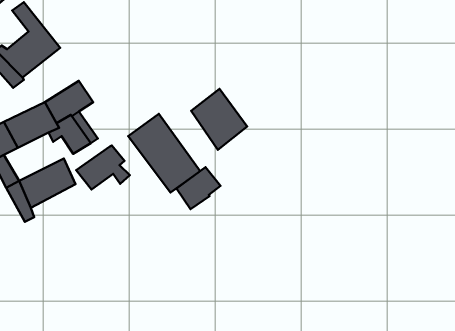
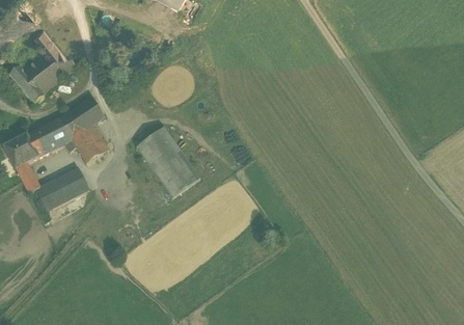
building: [191,89,247,150] -> none
building: [76,146,130,189] -> none
building: [176,167,220,209] -> none

